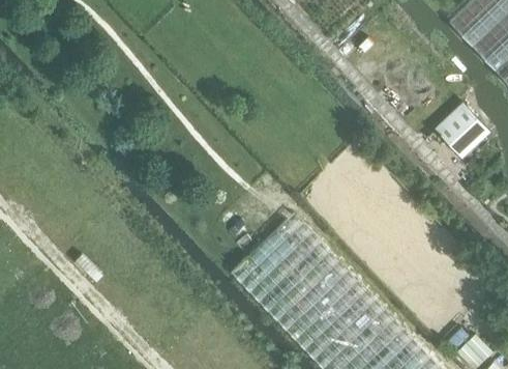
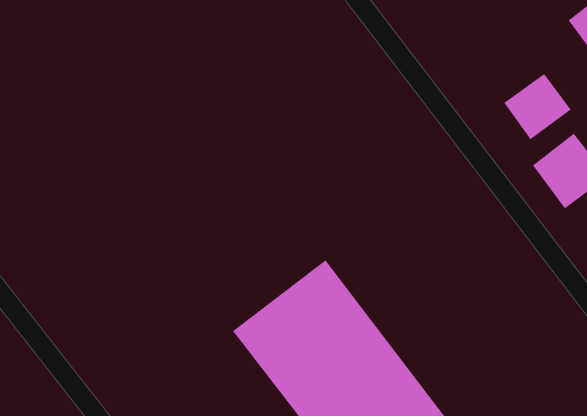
building: none -> [504,73,571,140]

